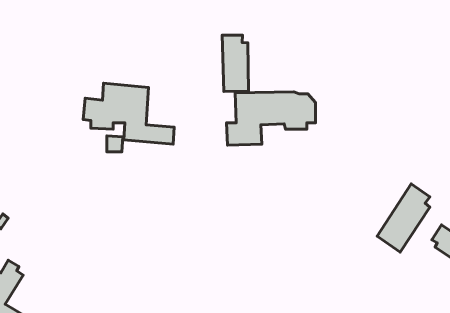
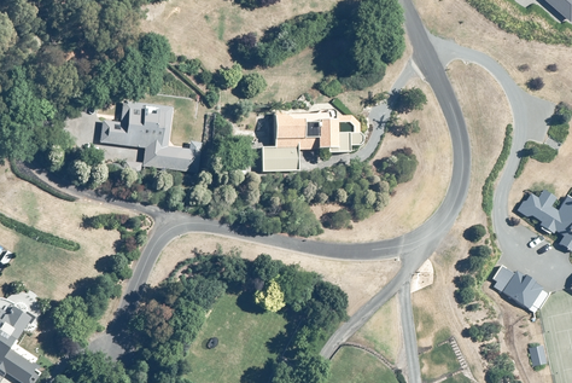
building: [222,35,249,91] -> none
building: [377,184,430,252] -> none

